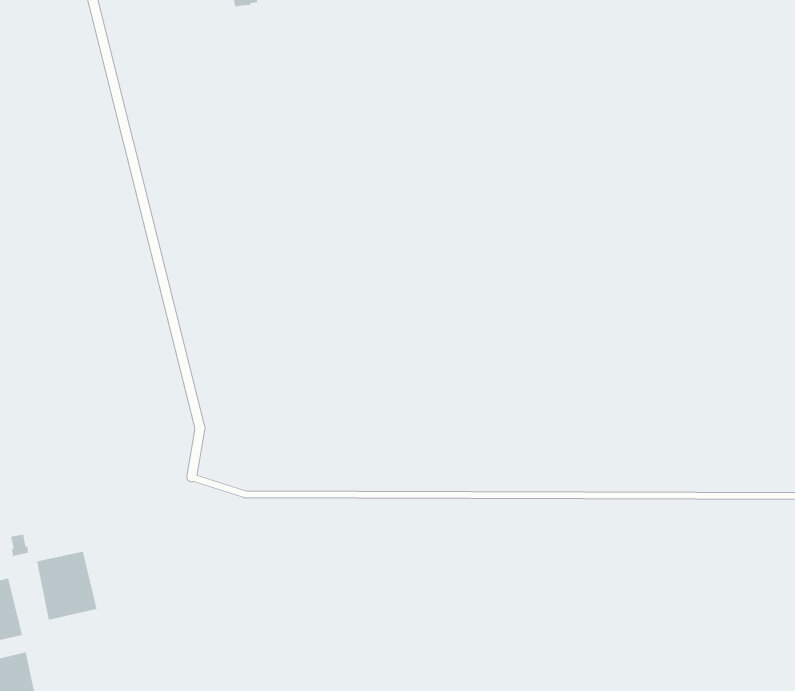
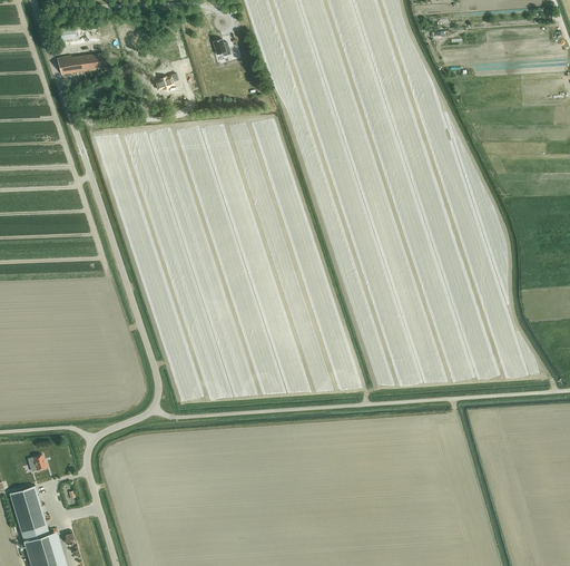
building: [36,551,97,620] -> none

